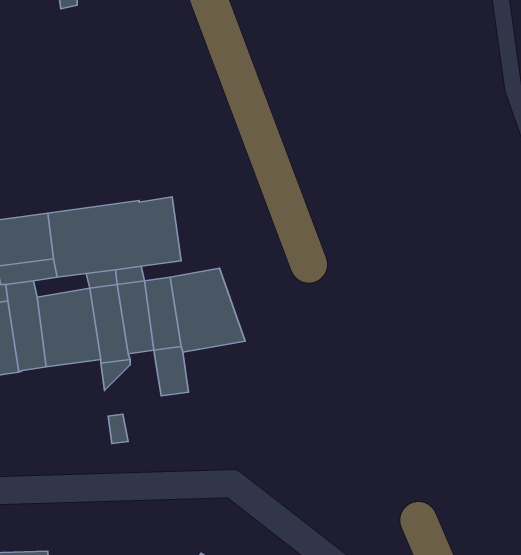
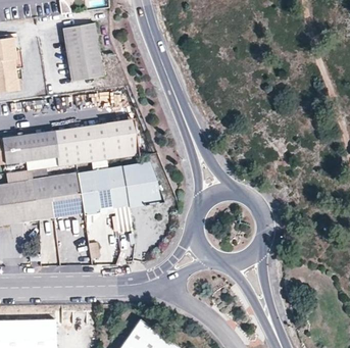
building: none -> [61,22,100,79]
building: none -> [105,117,139,156]

